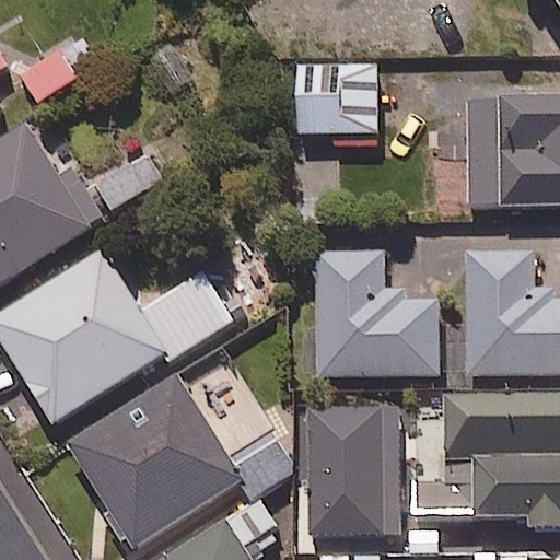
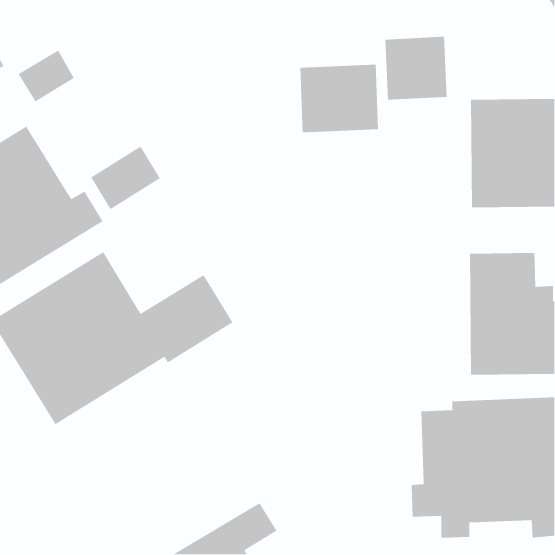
building: none -> [385,36,448,100]
building: [316,250,436,375] -> none
building: [69,375,294,547] -> none
building: [306,407,397,535] -> none

